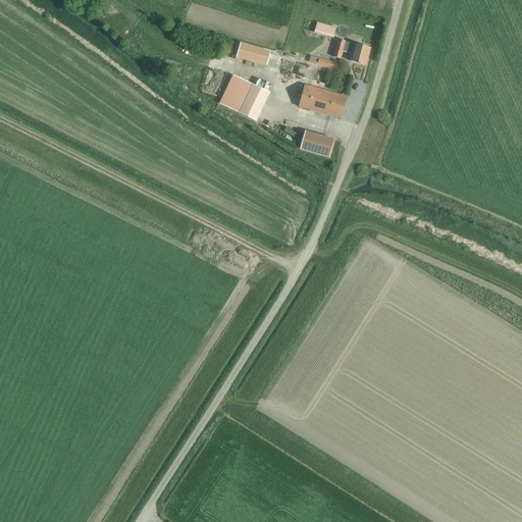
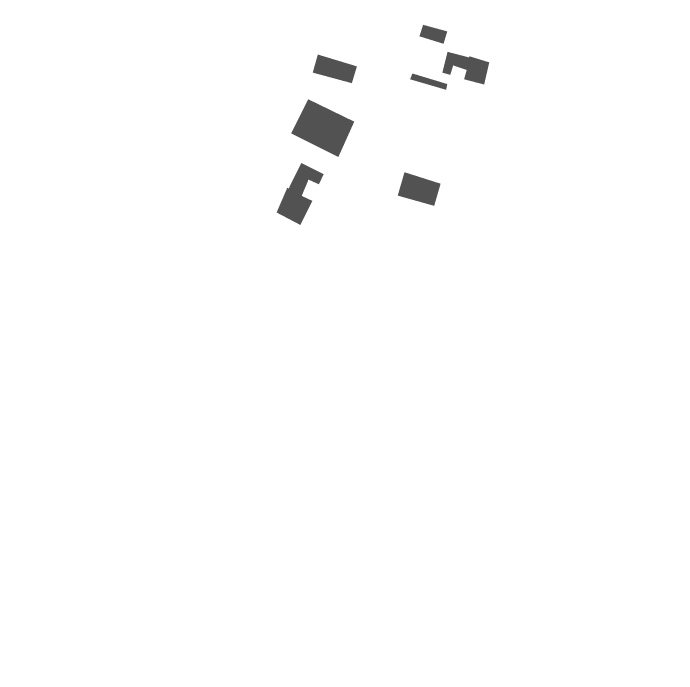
building: [299,84,347,117] -> none
building: none -> [276,162,325,226]

